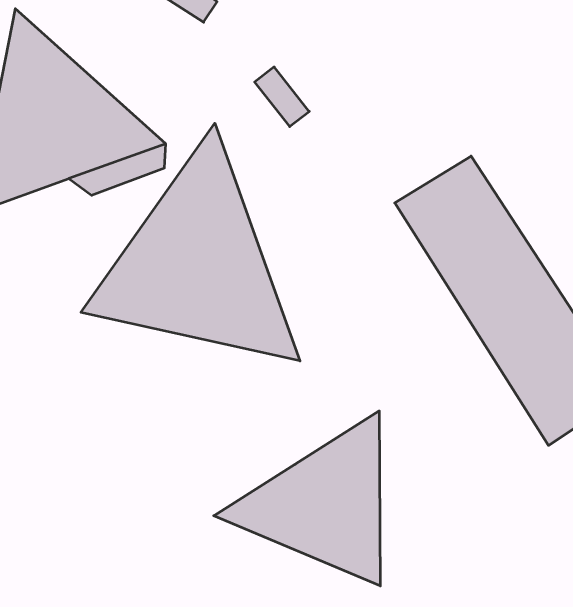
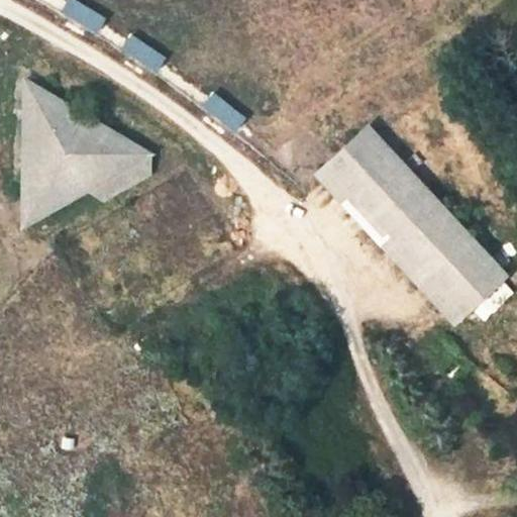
building: [81,123,300,361] -> none
building: [214,411,380,586] -> none

